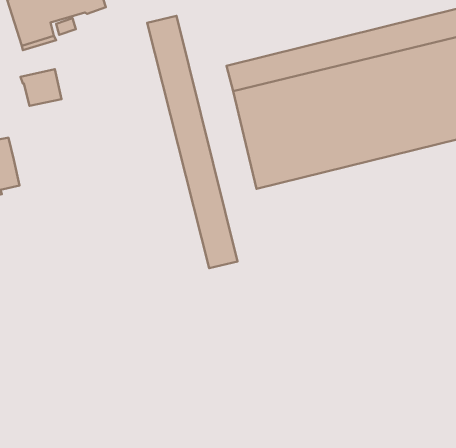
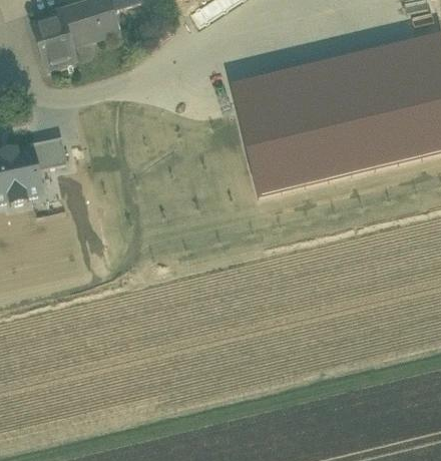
building: [147,16,237,268] -> none
building: [21,69,62,106] -> [30,135,67,168]

